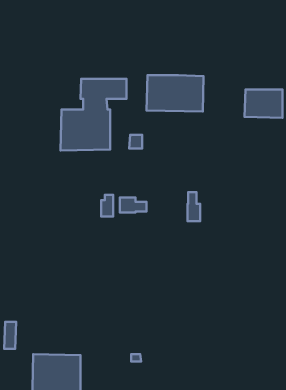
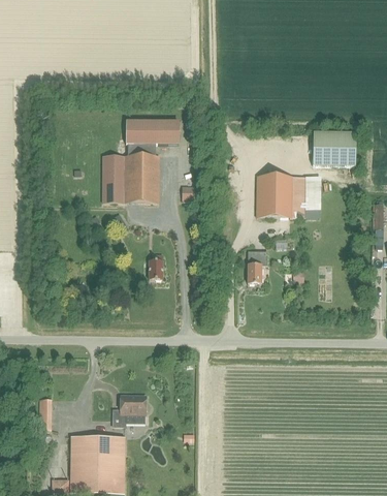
building: [146,75,204,112] -> [256,176,321,217]
building: [120,197,146,212] -> none
building: none -> [114,395,147,425]

